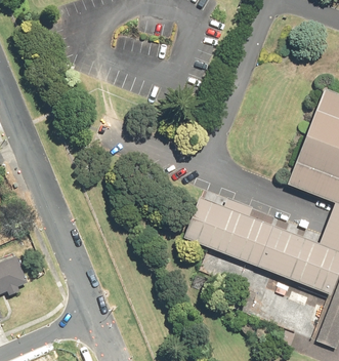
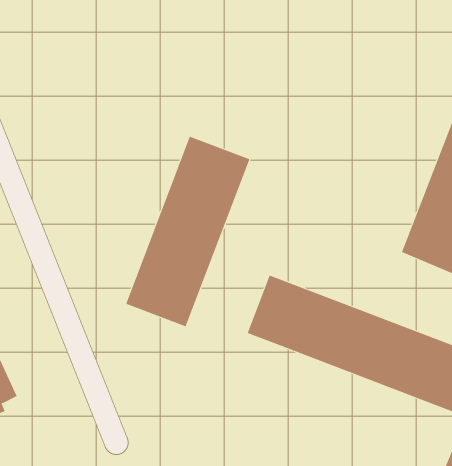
building: none -> [125,136,250,327]

